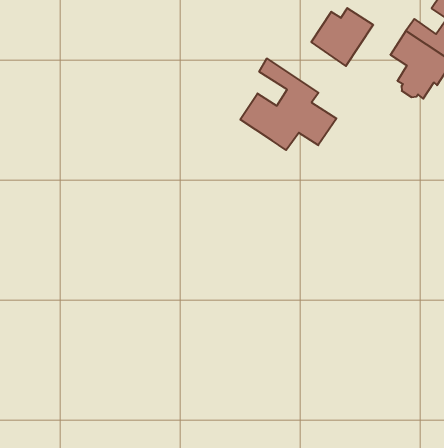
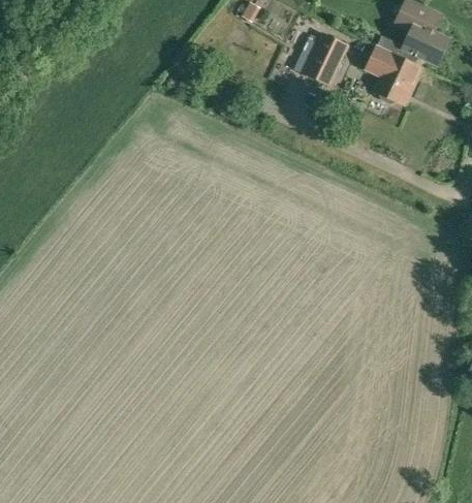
building: [240,58,336,150] -> none

